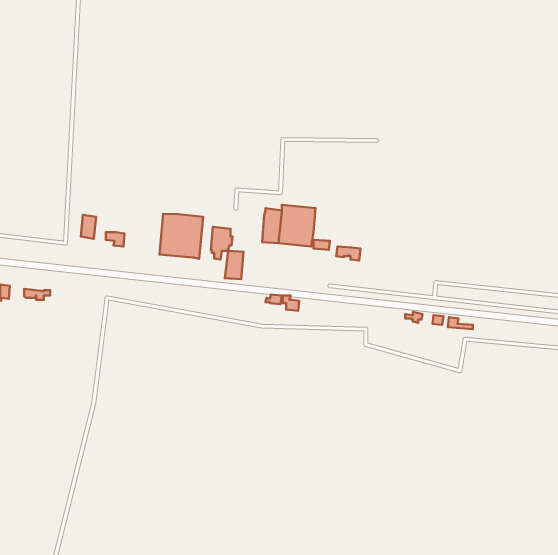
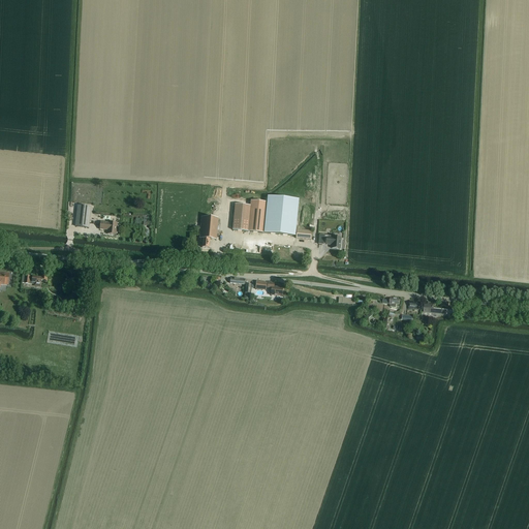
building: [160,214,203,259] -> none
building: [225,251,244,279] -> [232,203,250,229]

